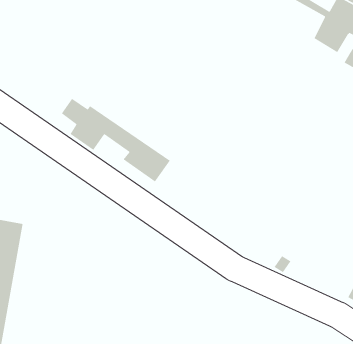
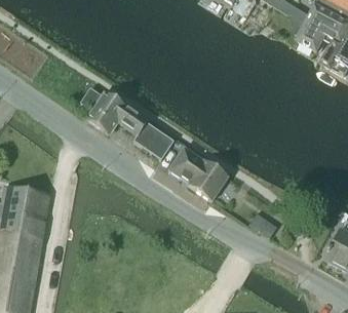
building: none -> [169,147,227,199]

